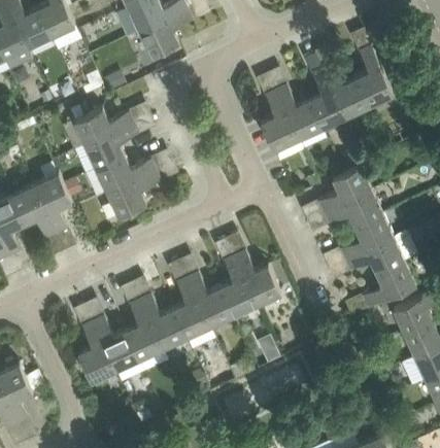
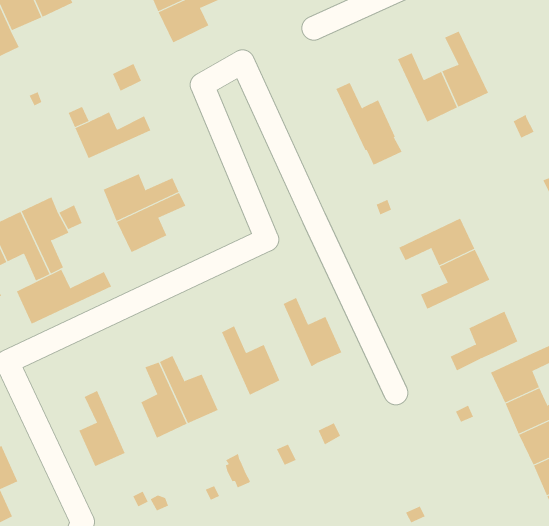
building: [307,69,344,129] -> none
building: [260,92,297,150] -> none
building: [84,124,137,169] -> none
building: [317,167,370,213] -> none
building: none -> [16,269,112,324]
building: [344,238,404,275] -> none
building: [219,256,256,315] -> none
building: [172,278,208,338] -> none
building: [92,317,137,371] -> none

